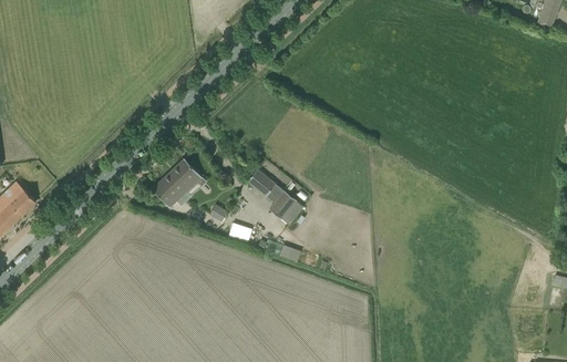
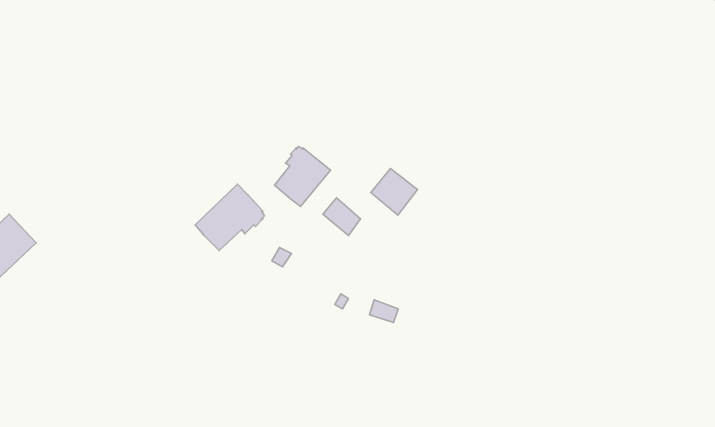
building: none -> [274,147,330,206]
building: [269,190,303,225] -> [371,168,417,215]

